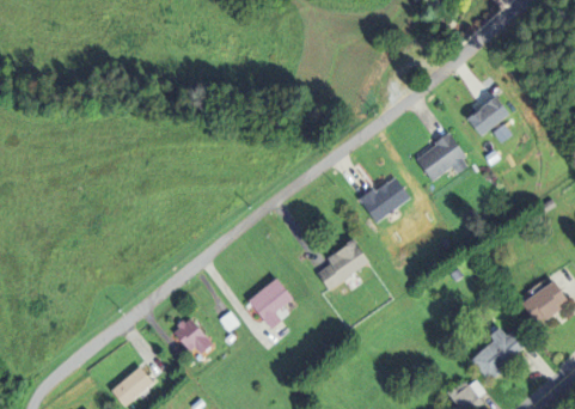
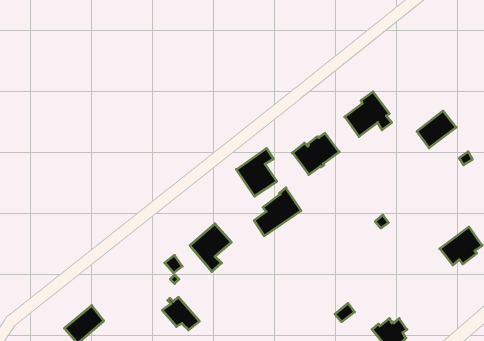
building: [467,94,510,135] -> [417,111,456,148]
building: none -> [236,148,277,196]
building: [173,318,214,354] -> [162,297,199,330]
building: [471,326,531,379] -> none

